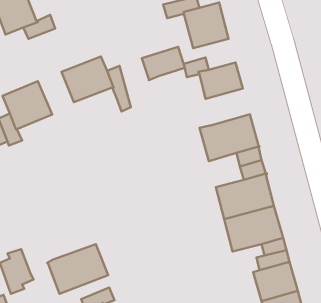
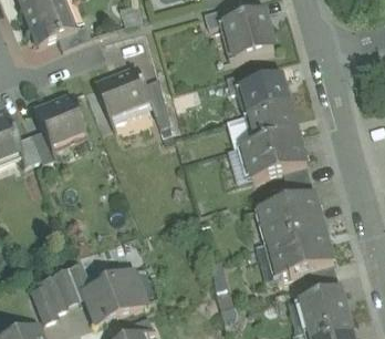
building: [142,47,185,80] -> none
building: none -> [250,102,296,141]
building: none -> [53,264,87,302]

